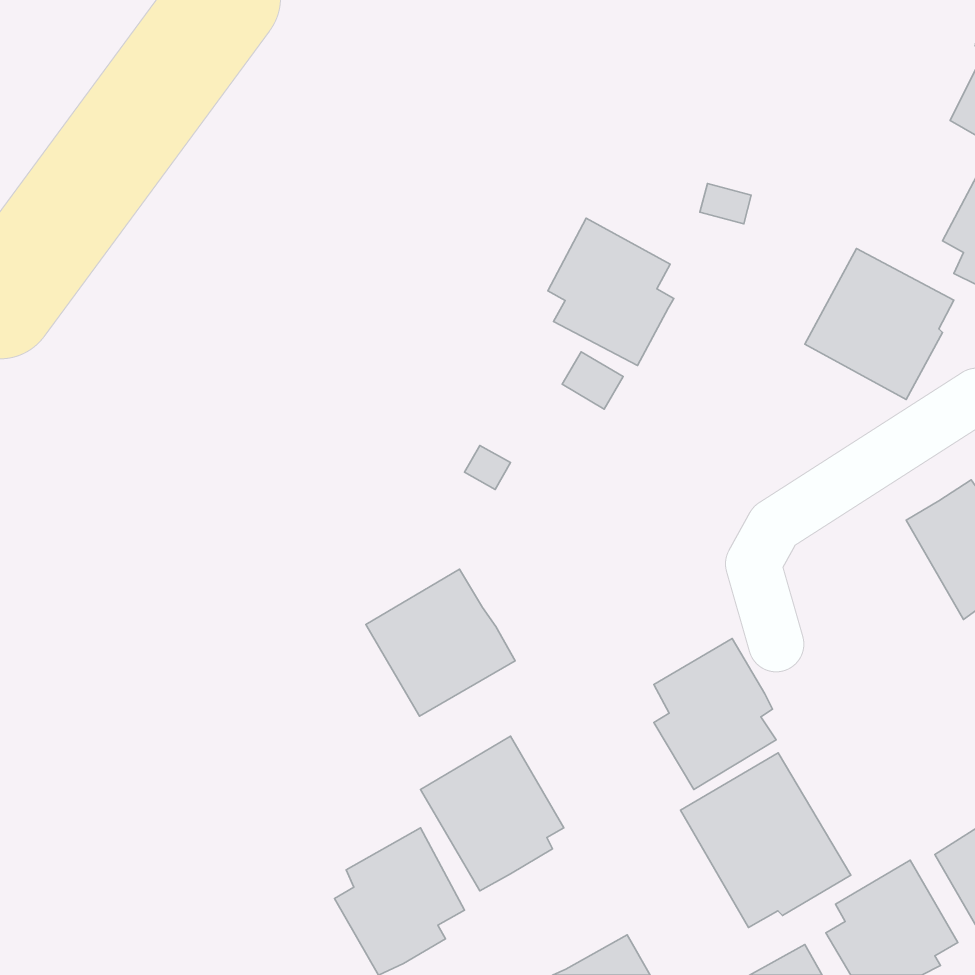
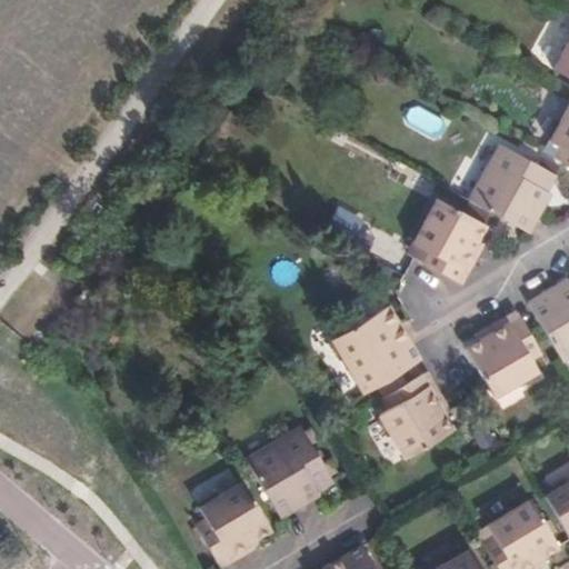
building: [548,218,674,365] -> [410,198,483,283]
building: none -> [465,310,538,392]
building: [366,569,515,716] -> [332,305,419,390]
building: [681,753,851,928] -> none

